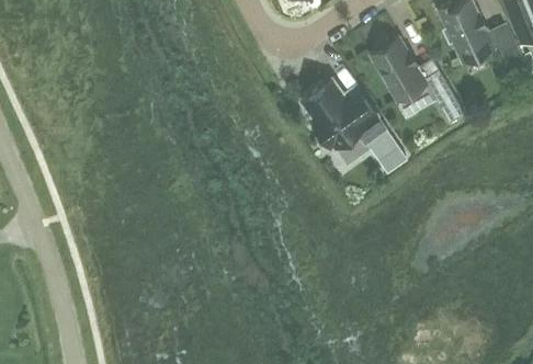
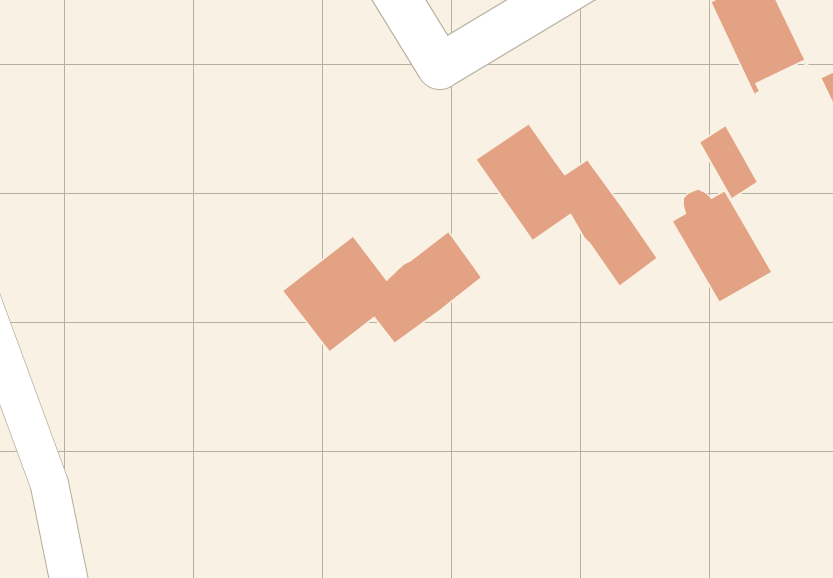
building: [370,36,428,102] -> [672,189,772,303]
building: none -> [282,231,482,352]

